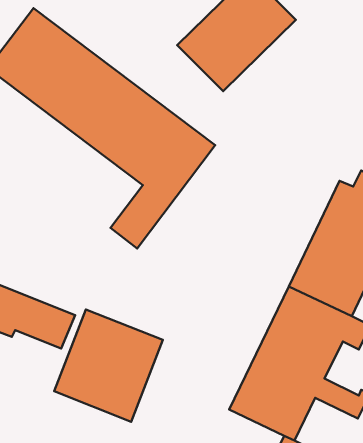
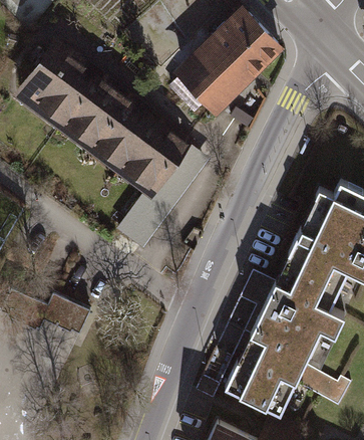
building: [54,309,163,422] -> none

